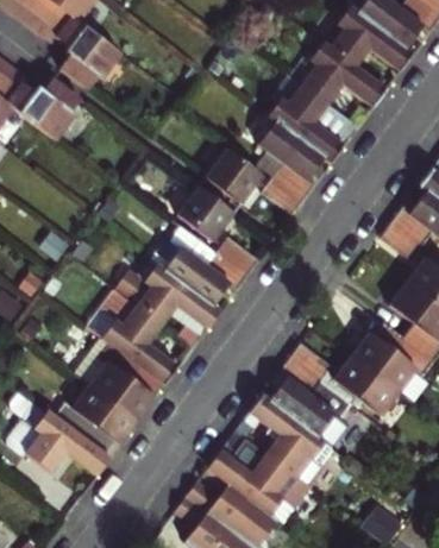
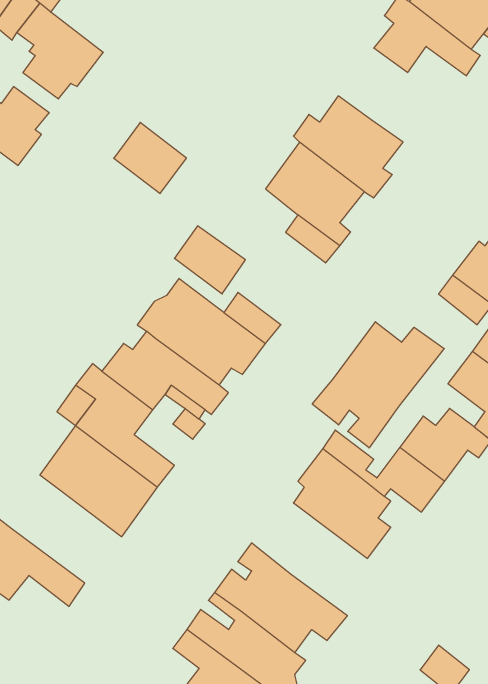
building: [302,43,385,108] -> none
building: [202,149,258,203] -> [114,122,186,194]
building: none -> [312,322,444,448]
building: [51,388,136,456] -> none
building: [250,393,325,485] -> none

